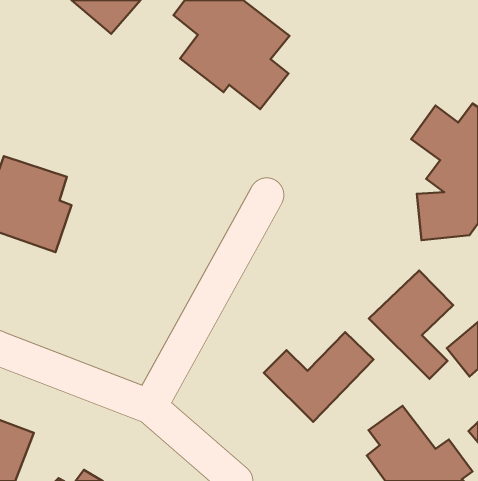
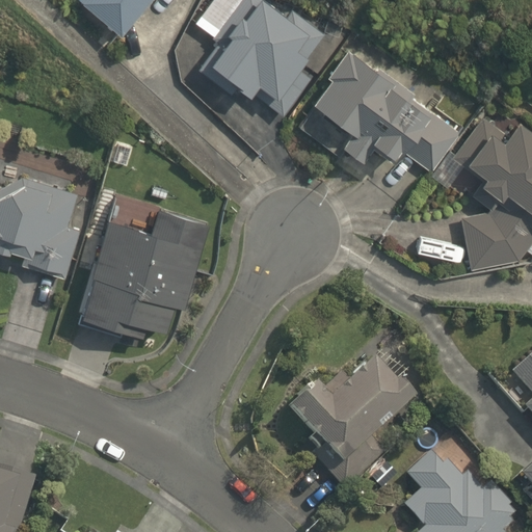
building: none -> [315,51,454,172]
building: none -> [84,212,210,336]
building: [369,270,453,379] -> none

